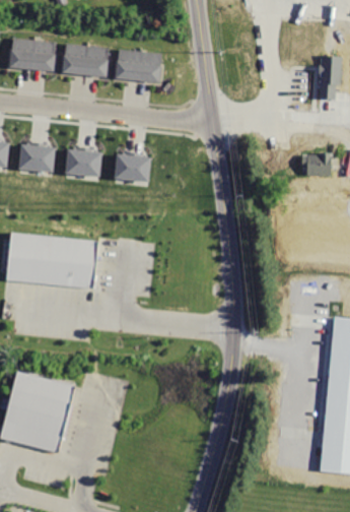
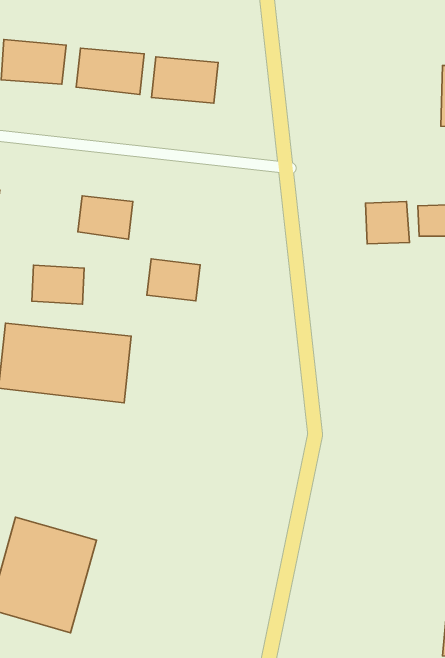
building: [18,143,55,171] -> [32,265,84,304]
building: none -> [366,202,409,244]
building: [114,152,151,182] -> [147,259,200,301]

